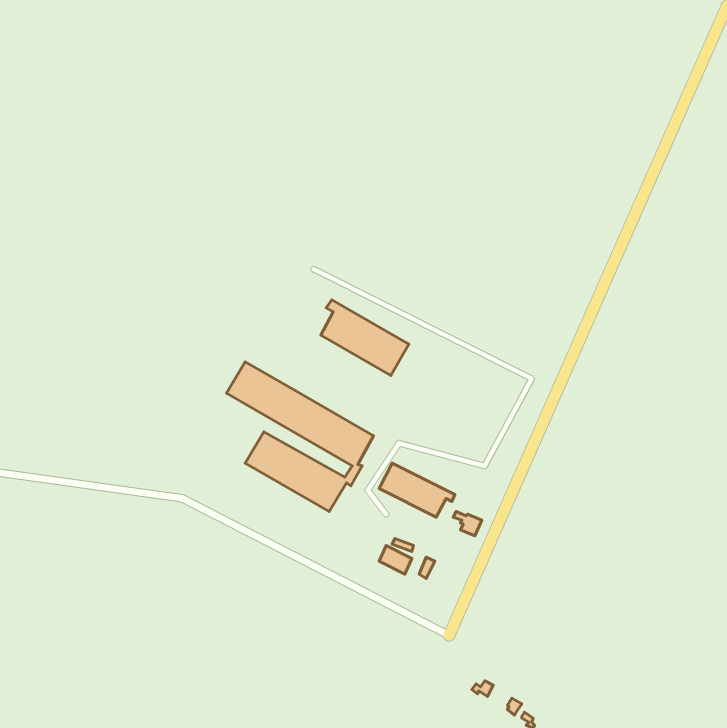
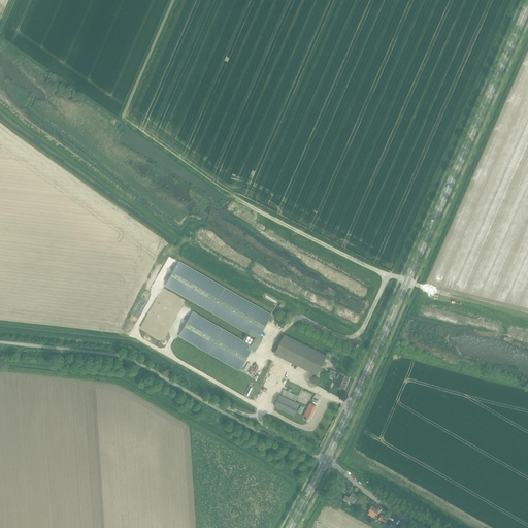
building: [321,300,409,375] -> none

